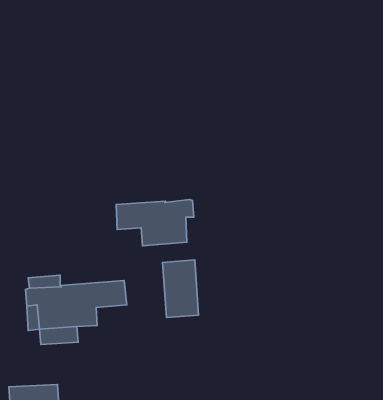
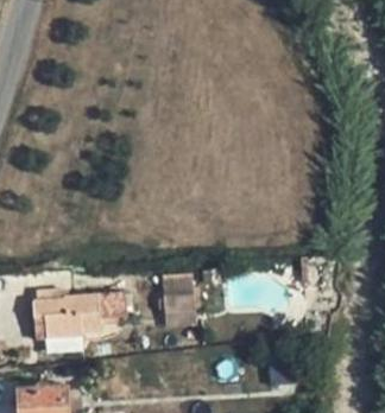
building: [116,200,194,246] -> none

